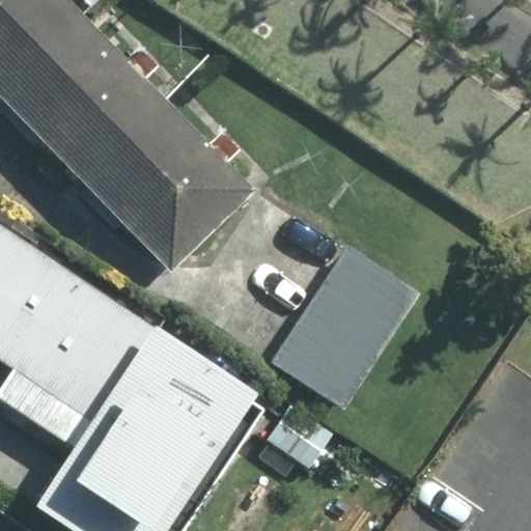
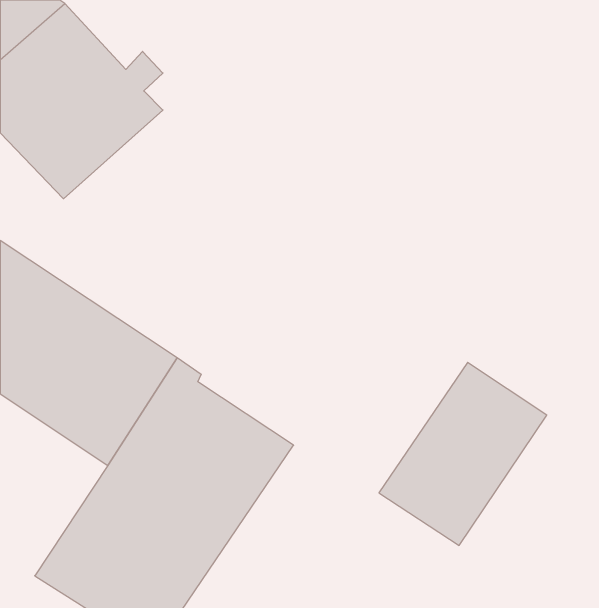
building: [66,99,239,269] -> none
building: [269,250,414,409] -> [379,362,547,545]

